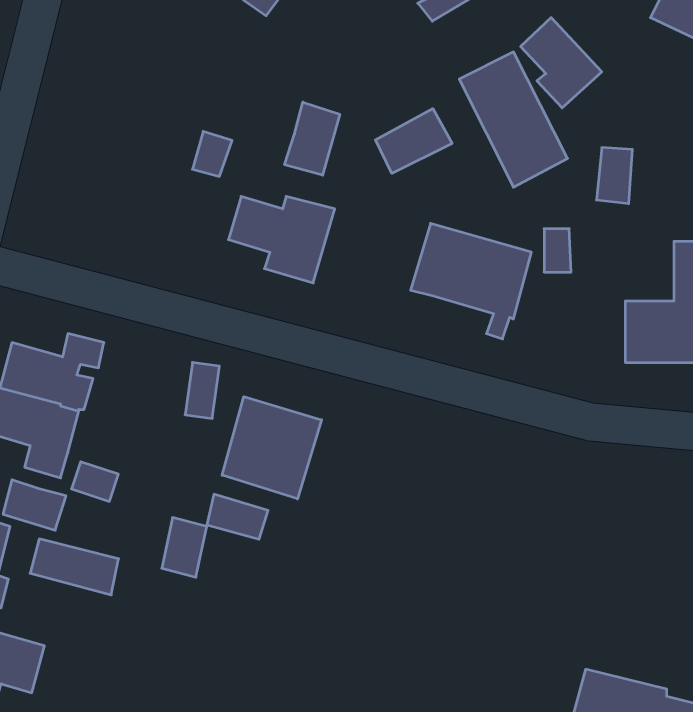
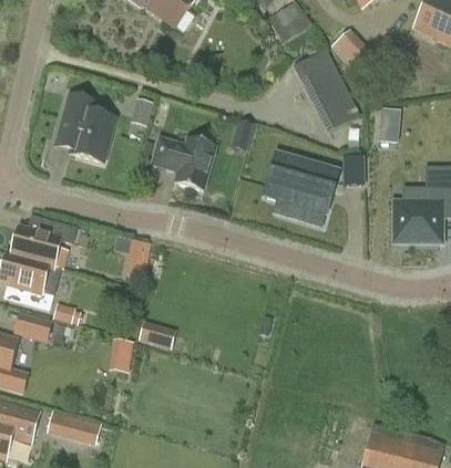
building: [285,102,340,175] -> none
building: [375,109,452,173] -> none
building: none -> [62,93,115,163]
building: [222,397,322,499] -> none
building: [30,539,119,595] -> [45,410,100,445]

